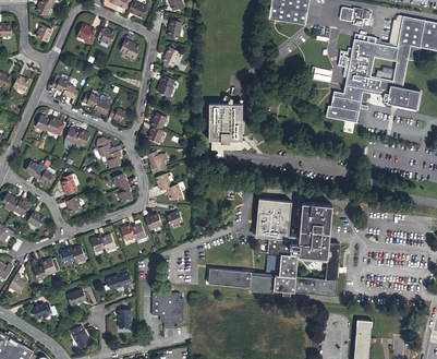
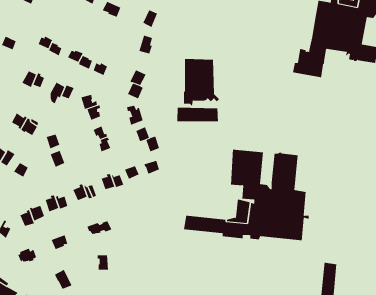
building: none -> [177,107,218,122]
building: [150,294,183,326] -> none

